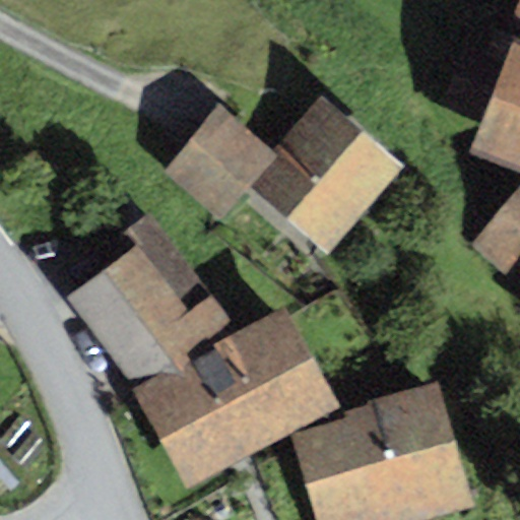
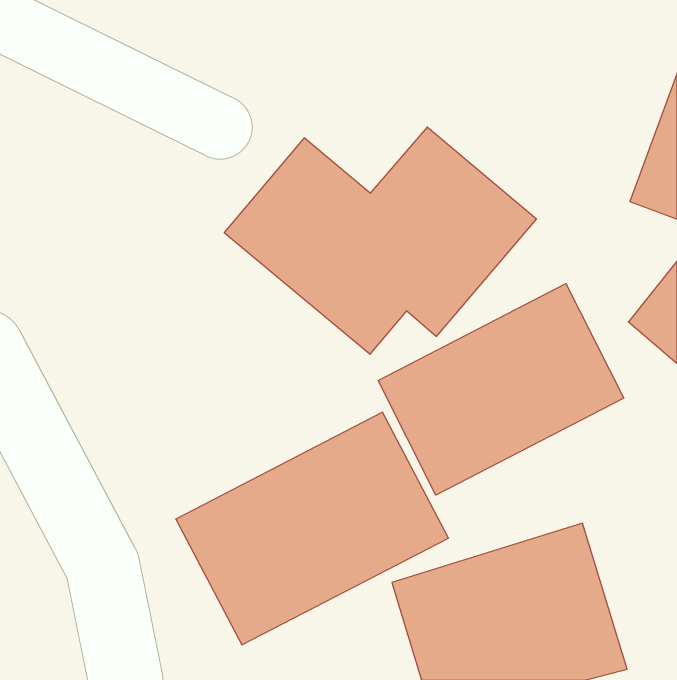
building: none -> [378,284,624,495]
building: [73,233,225,382] -> none

